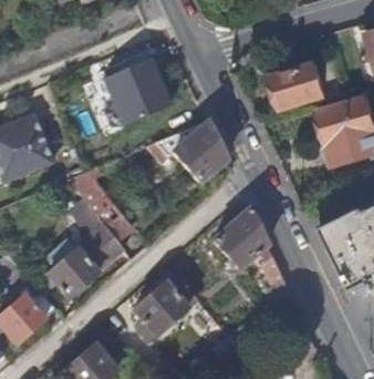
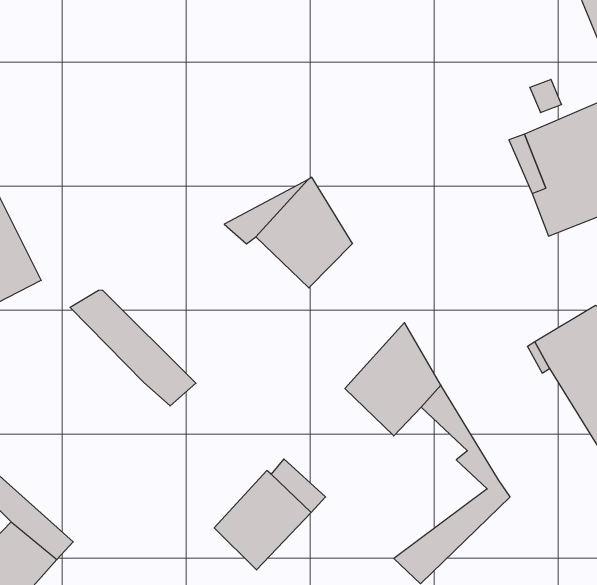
building: [101,59,168,127] -> none
building: [271,62,325,110] -> none
building: [46,226,122,299] -> none

